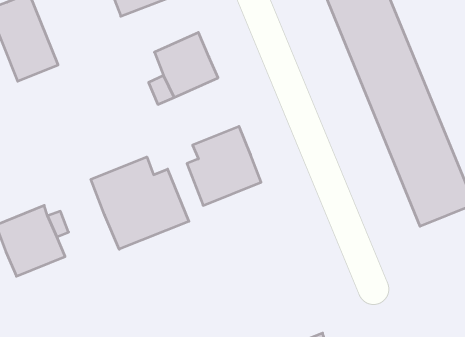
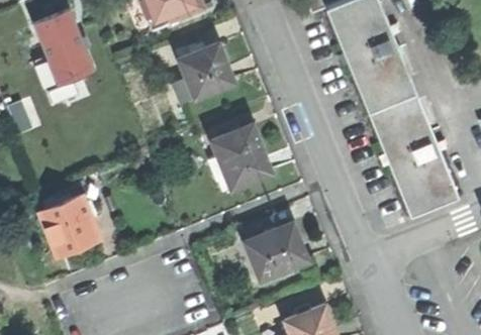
building: [91,157,189,249] -> none
building: none -> [245,223,307,280]

